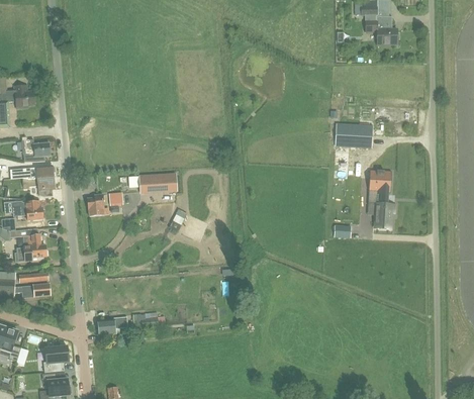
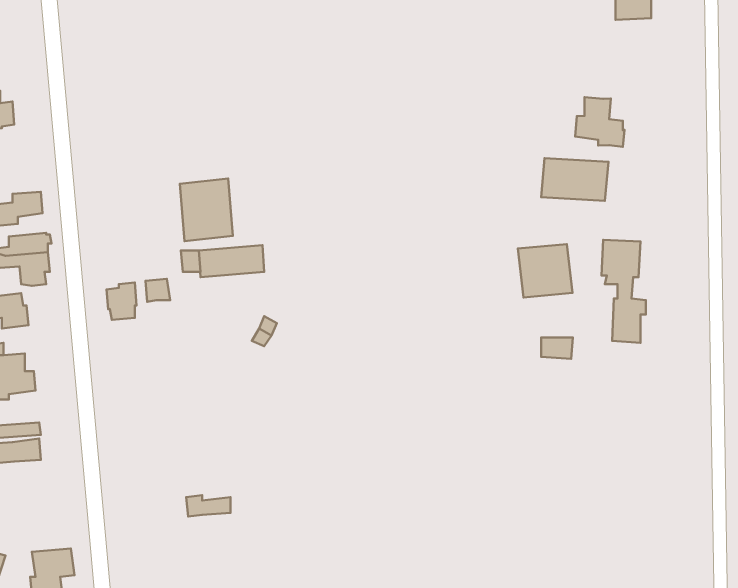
building: none -> [575,97,625,147]
building: none -> [180,179,233,241]
building: none -> [518,244,572,297]
building: [97,316,126,334] -> none

